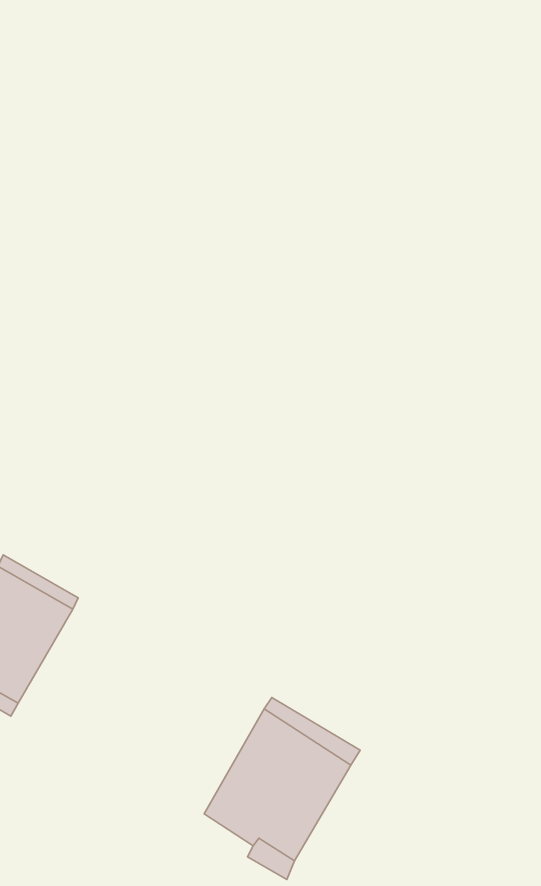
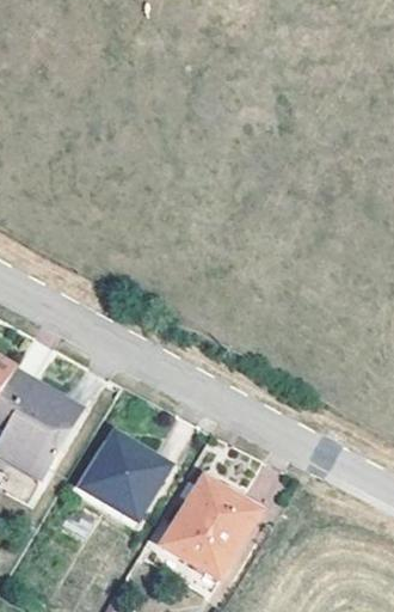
building: none -> [82,434,166,519]

